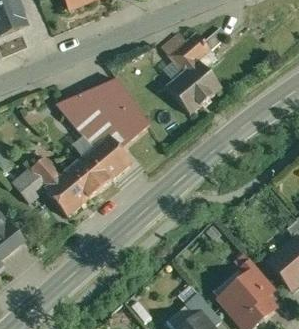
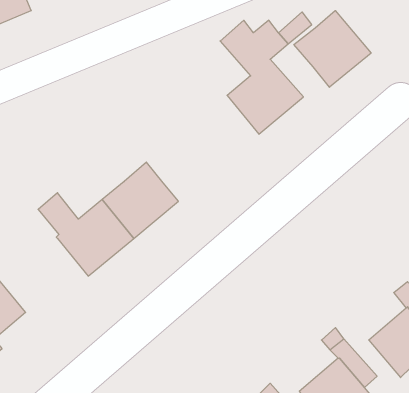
building: none -> [294,11,371,87]
building: [55,78,148,149] -> none
building: [12,168,45,202] -> none

